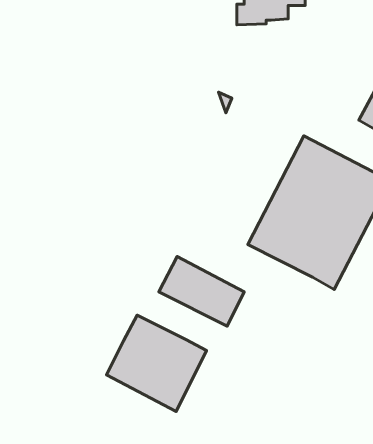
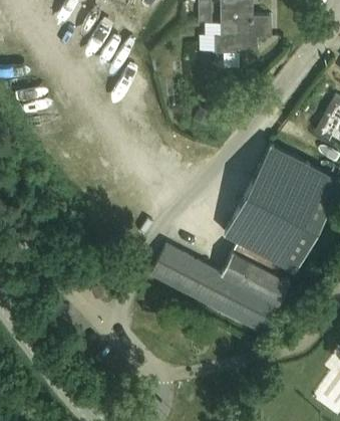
building: [107,315,206,411] -> [208,254,290,334]

